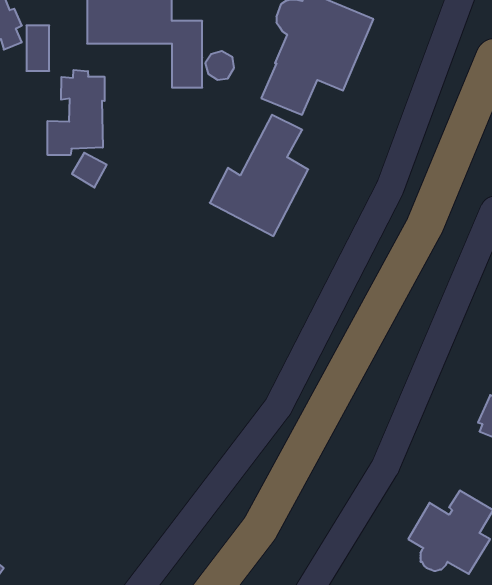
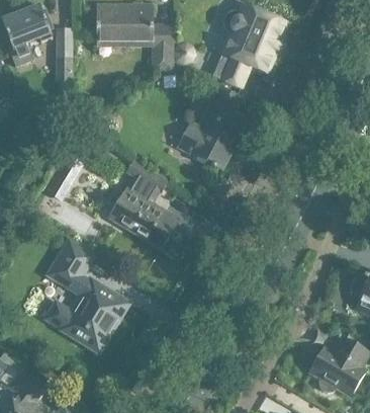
building: [48,70,105,155] -> none
building: none -> [109,159,177,247]
building: none -> [44,239,127,351]

